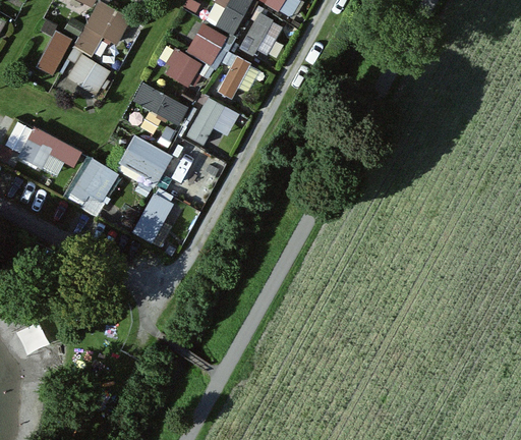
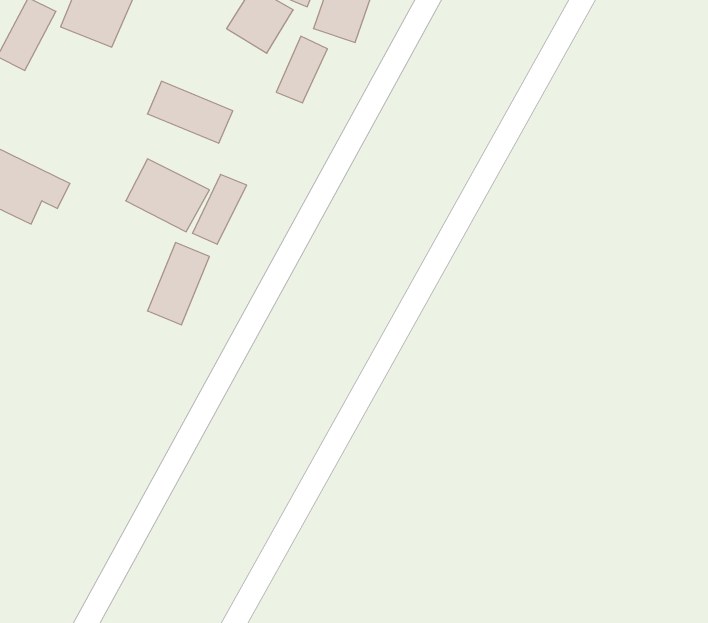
building: [163,49,205,90] -> none
building: [67,53,111,95] -> none
building: [184,96,238,153] -> none
building: [73,157,117,204] -> none

